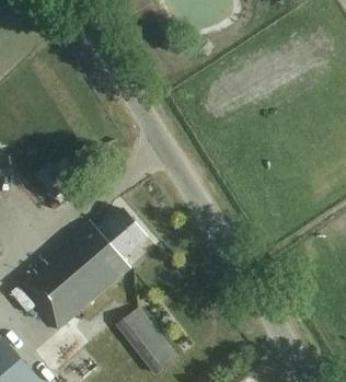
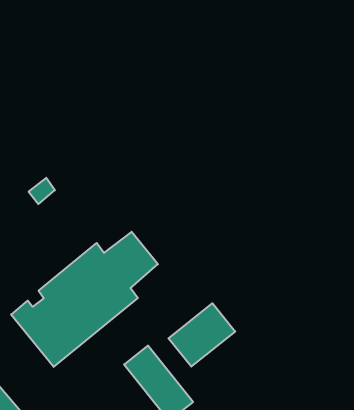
building: none -> [168,303,235,367]

